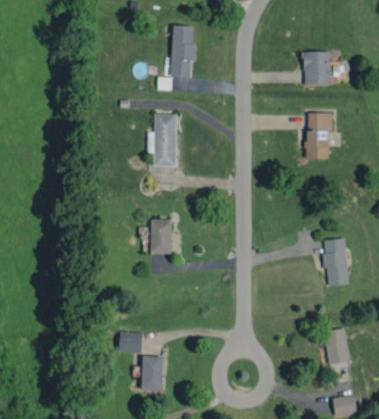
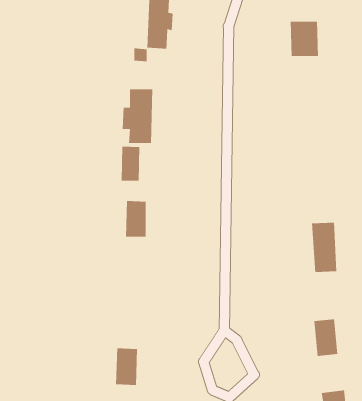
building: [307,113,333,159] -> none
building: none -> [121,146,140,182]
building: [120,332,142,353] -> none

